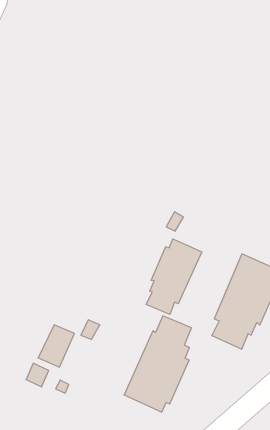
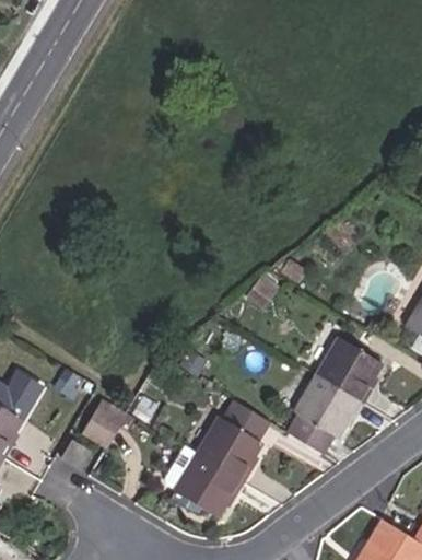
building: [146,239,202,314] -> none

